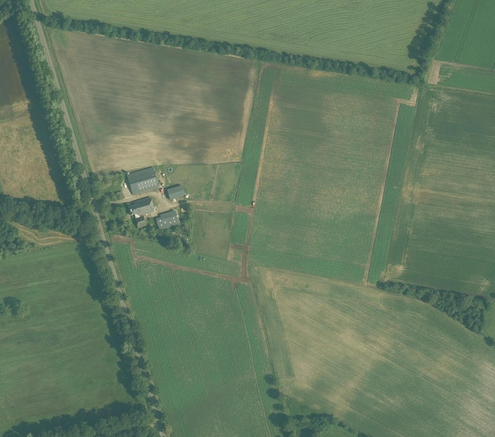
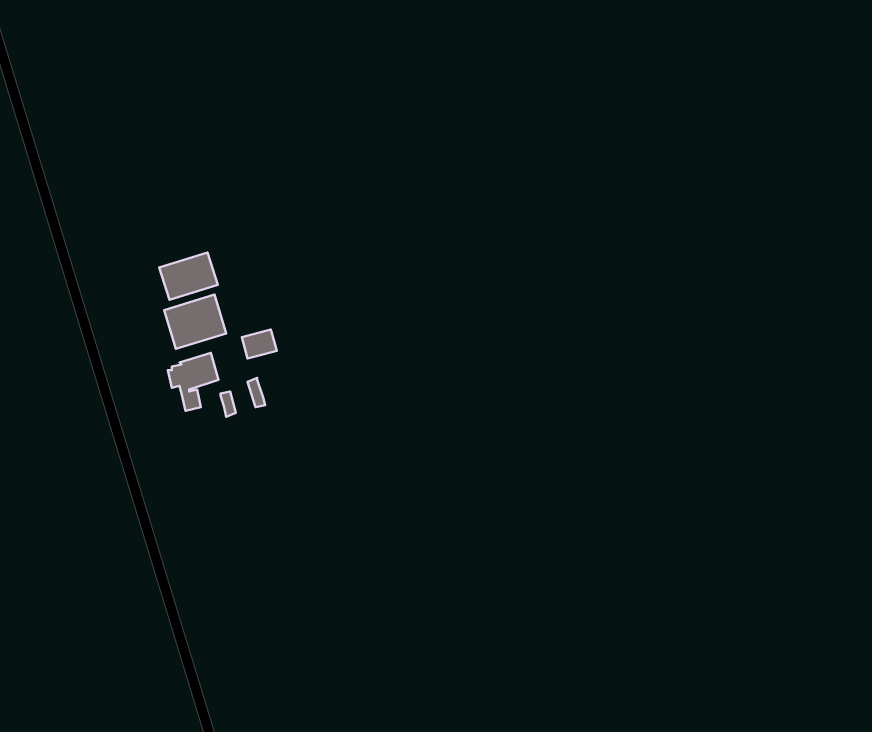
building: none -> [159,253,218,300]

